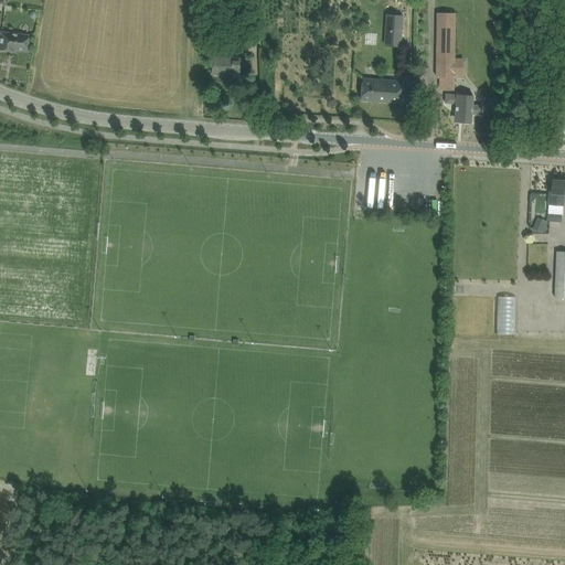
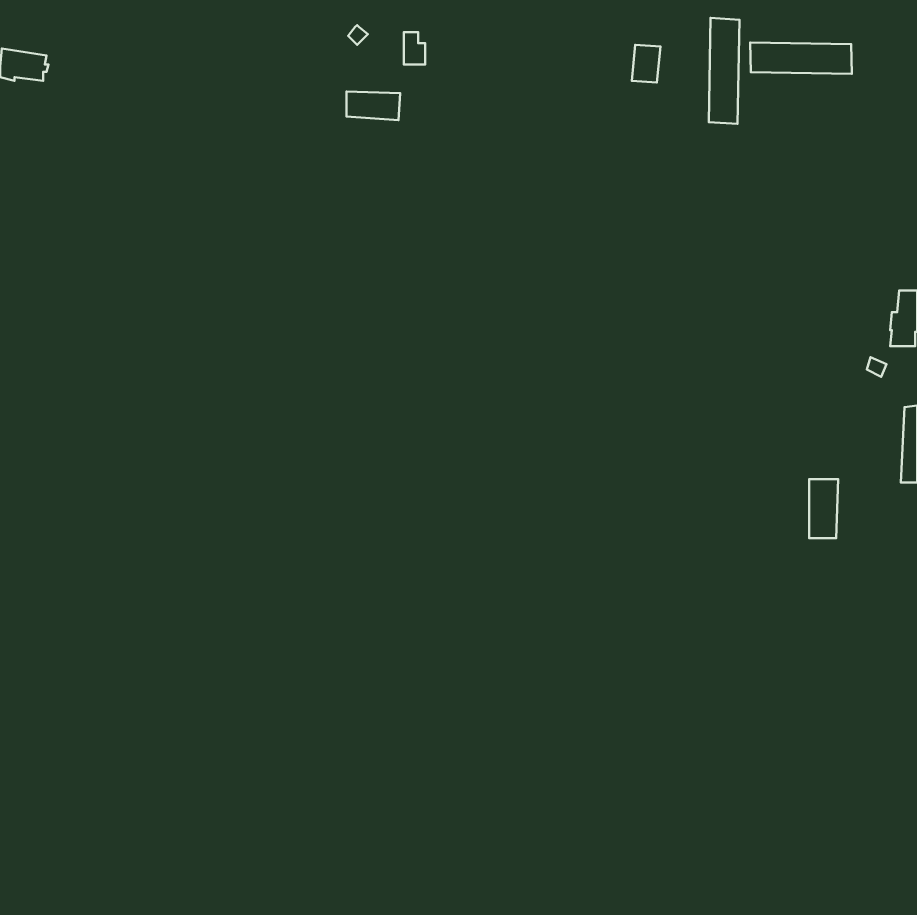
building: none -> [750,43,852,74]
building: [361,77,403,102] -> none
building: [445,93,473,121] -> none

